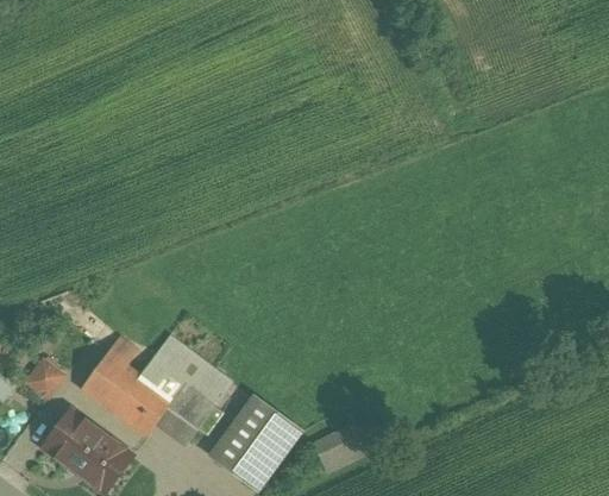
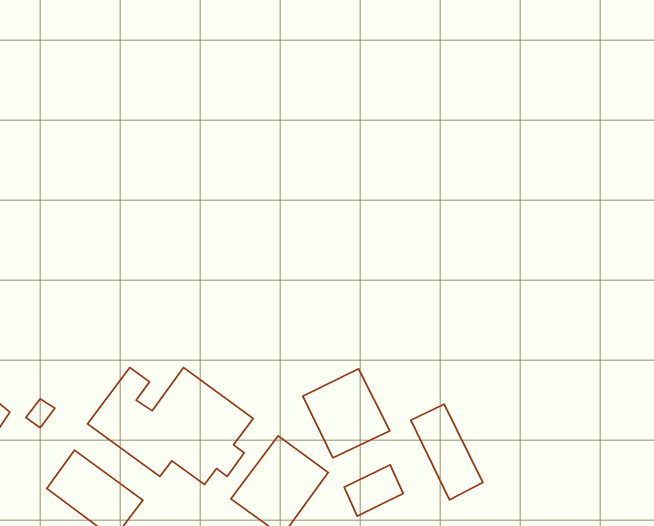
building: none -> [303,369,390,458]
building: none -> [411,404,483,500]

